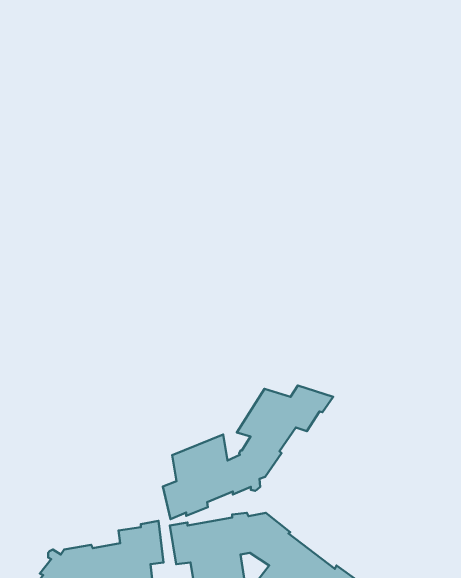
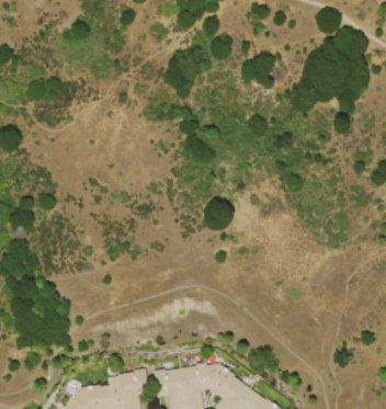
building: [163,386,333,519] -> none

